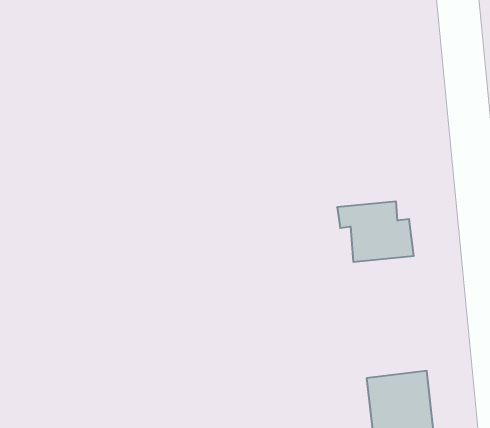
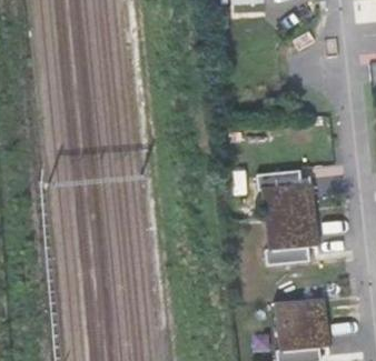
building: none -> [265,211,318,267]

